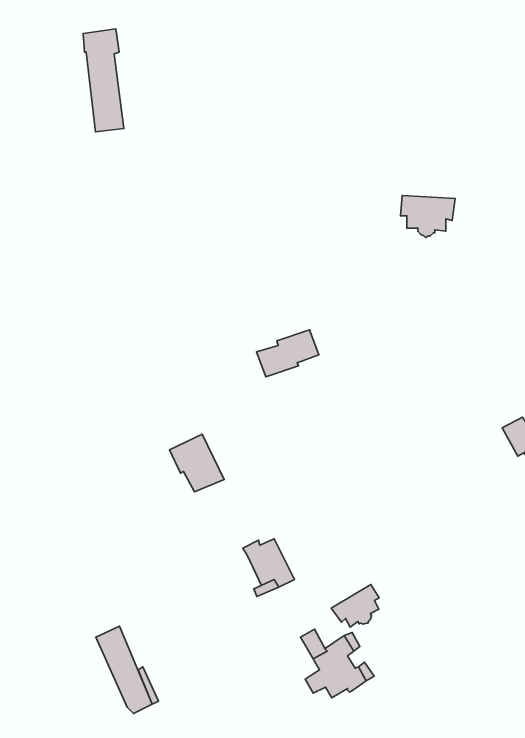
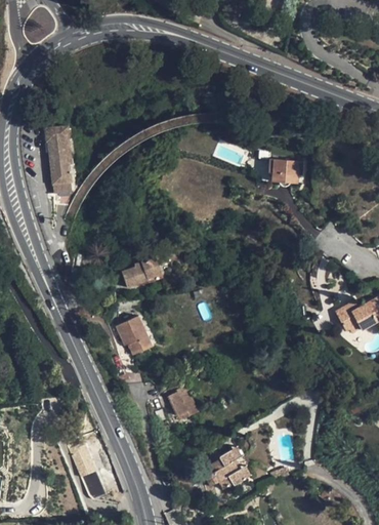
building: [83,29,124,132] -> [46,125,73,193]
building: [256,330,319,377] -> [121,256,162,287]
building: [331,584,379,627] -> none

